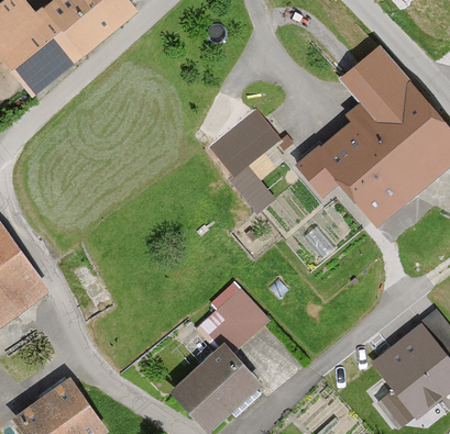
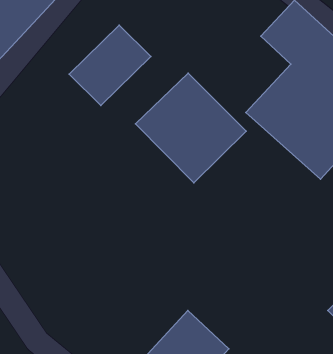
building: none -> [69,25,151,106]
building: [208,281,264,340] -> none

